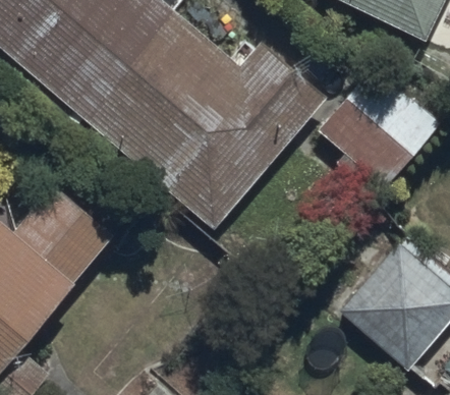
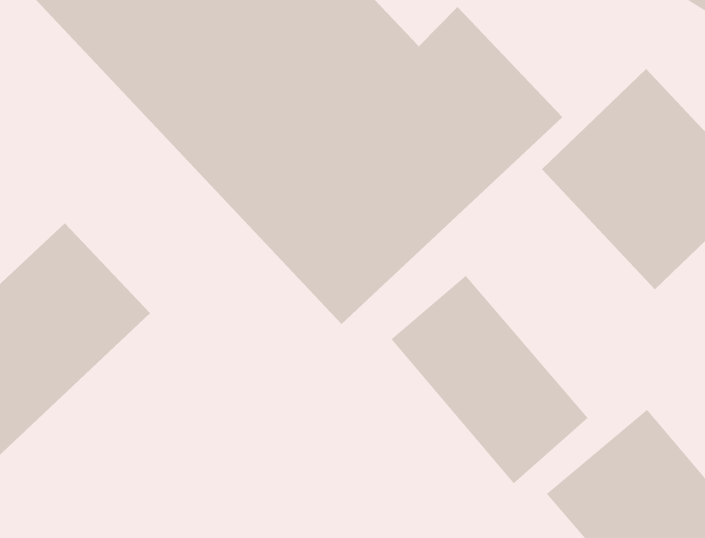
building: none -> [391,275,589,484]

